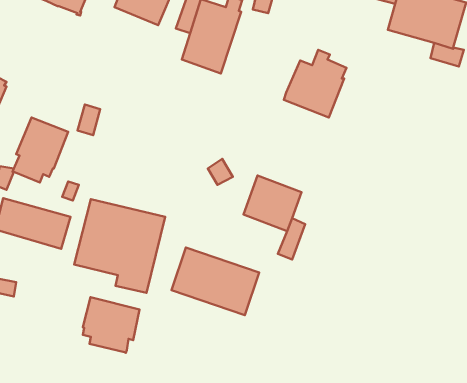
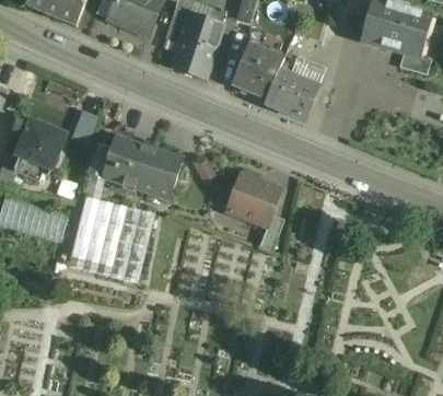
building: none -> [232,43,283,97]
building: [171,248,259,315] -> [102,136,183,198]
building: [83,297,139,353] -> none

